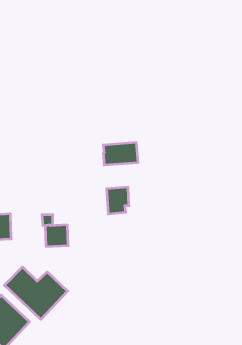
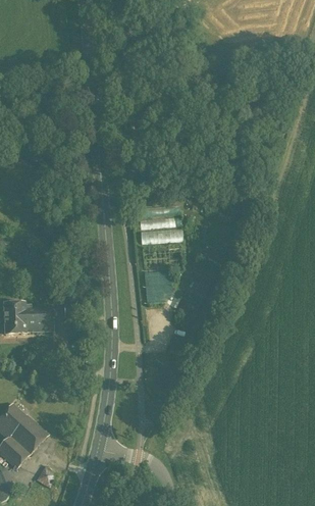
building: [45,225,68,246] -> [23,304,52,331]
building: [4,267,68,319] -> none

